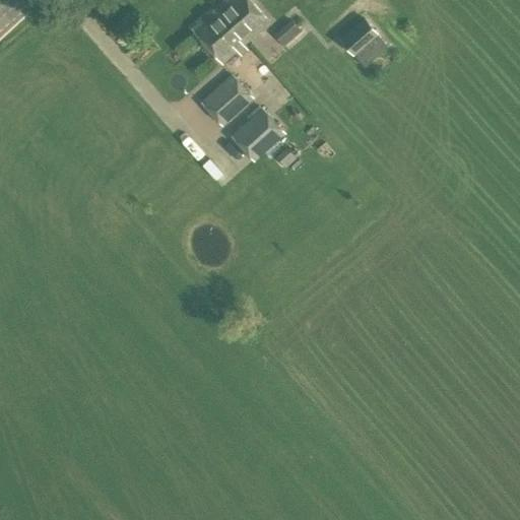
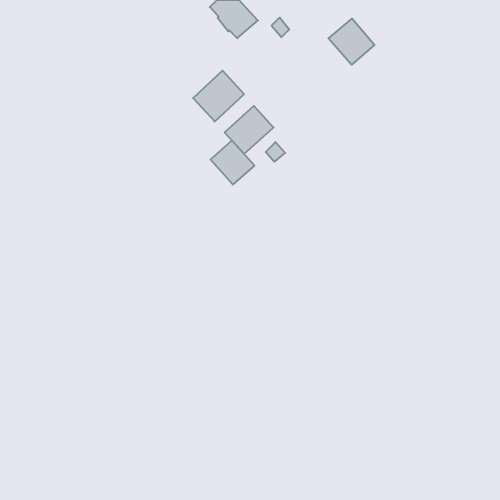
building: [192,8,246,62] -> none
building: none -> [210,140,254,185]

